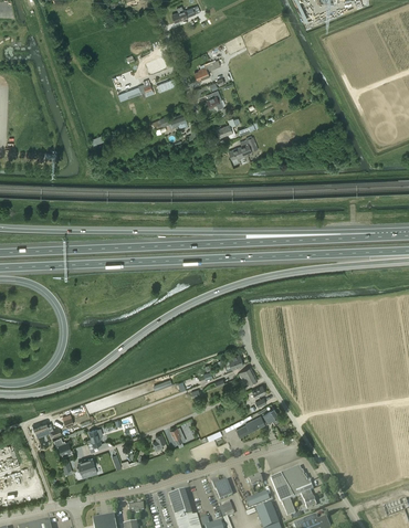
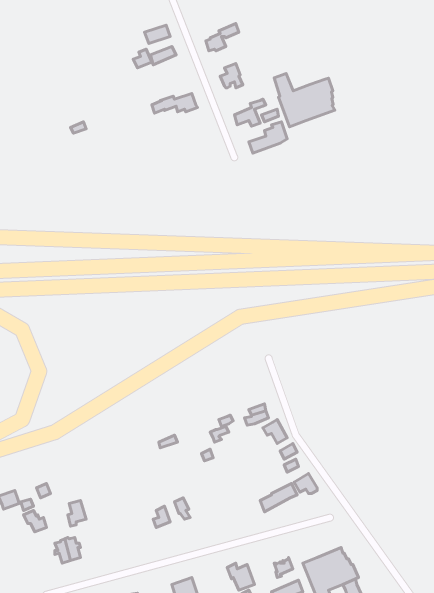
building: none -> [274,74,335,127]

